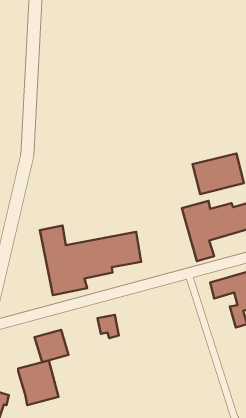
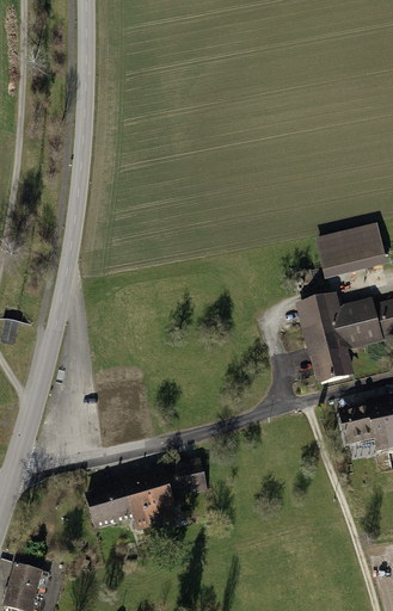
building: [40,226,141,295] -> none
building: [18,360,59,405] -> [122,463,180,527]

